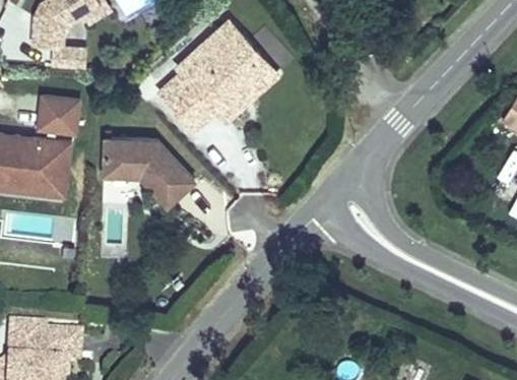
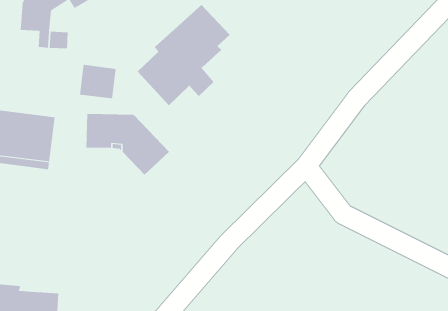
building: [230,53,277,104] -> none
building: [38,96,78,133] -> [79,64,117,99]

